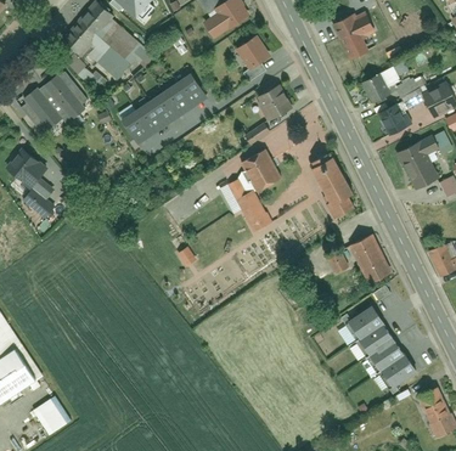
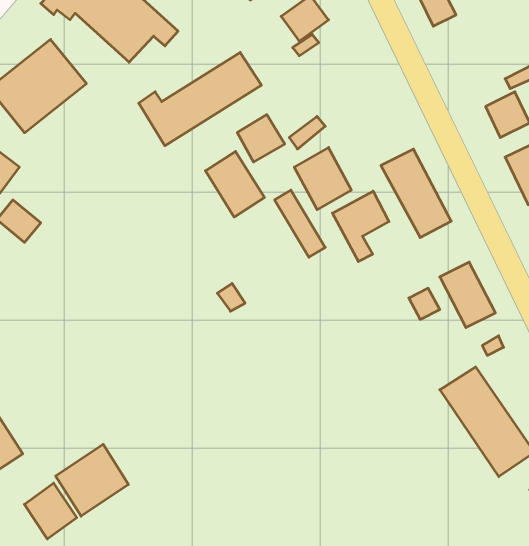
building: [361,69,399,106] -> none
building: [257,84,292,119] -> [237,115,285,162]
building: none -> [205,151,264,217]
building: none -> [332,191,389,262]
building: none -> [56,444,128,516]

